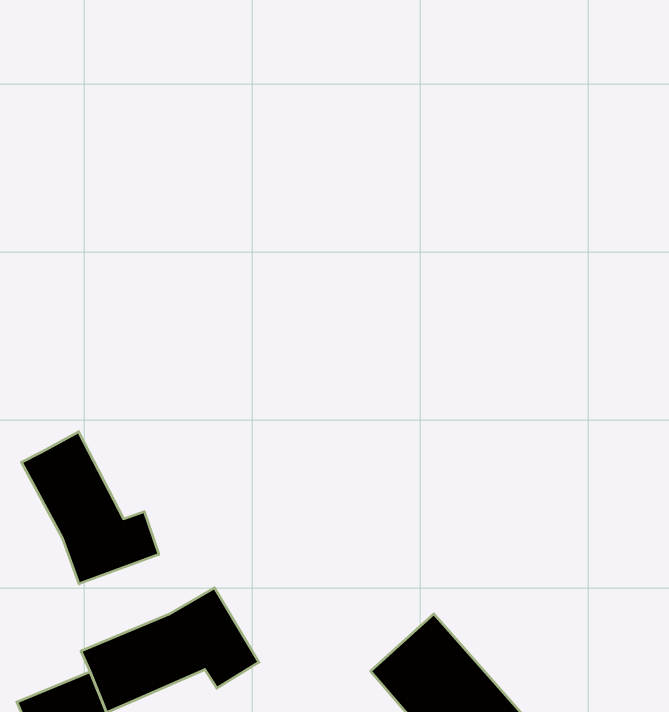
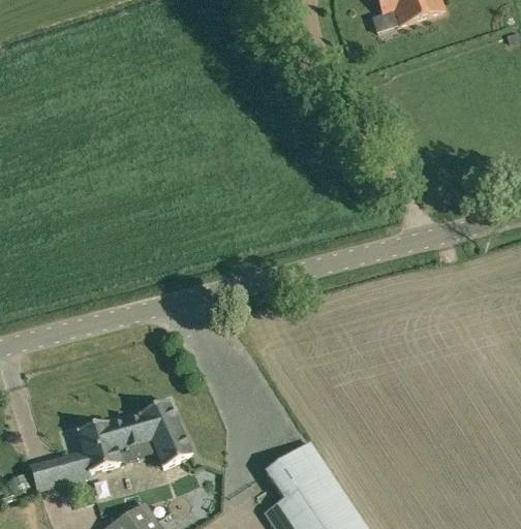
building: [22,432,159,584] -> none

